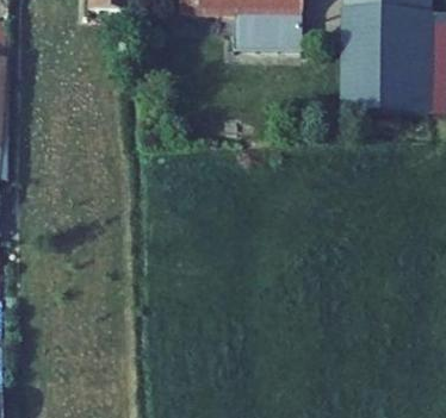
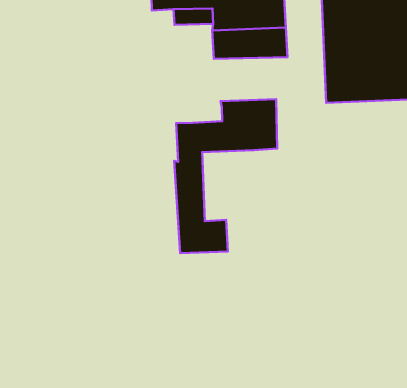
building: none -> [174,99,277,253]

